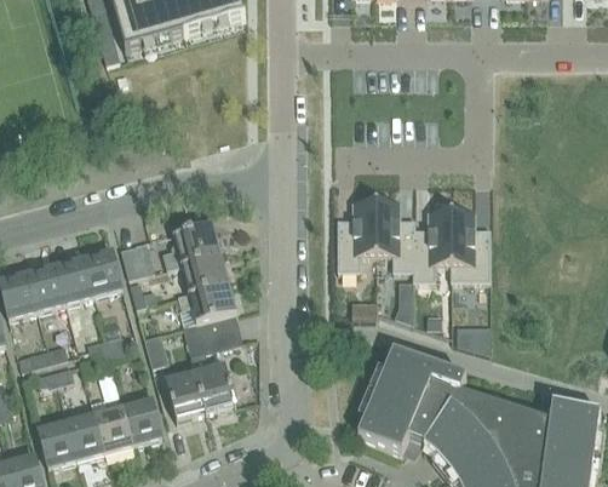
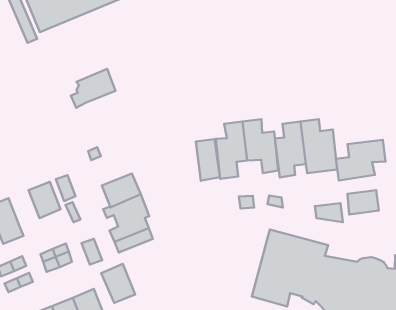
building: none -> [196,139,220,181]
building: [162,223,222,269] -> [71,69,115,108]
building: none -> [336,140,386,181]
building: [56,258,93,304] -> none
building: none -> [347,190,379,214]
building: [195,362,236,413] -> none

